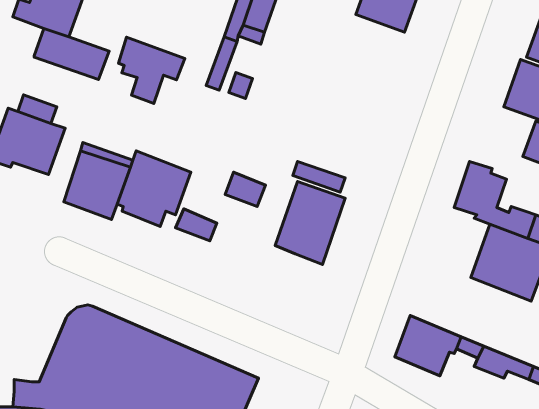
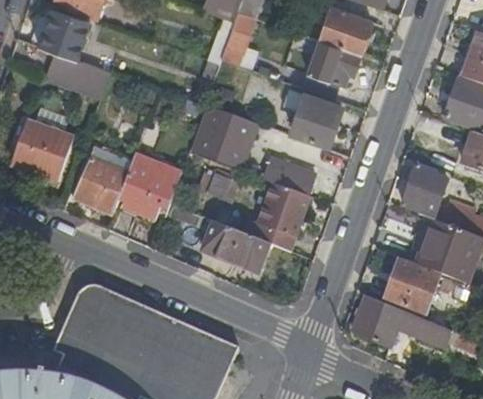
building: none -> [303,40,361,98]
building: [118,37,185,104] -> [197,106,253,162]
building: none -> [283,88,342,144]
building: none -> [203,220,269,269]
building: none -> [386,258,440,313]

